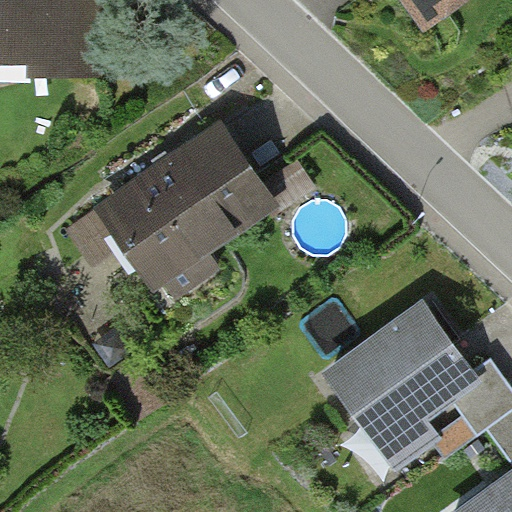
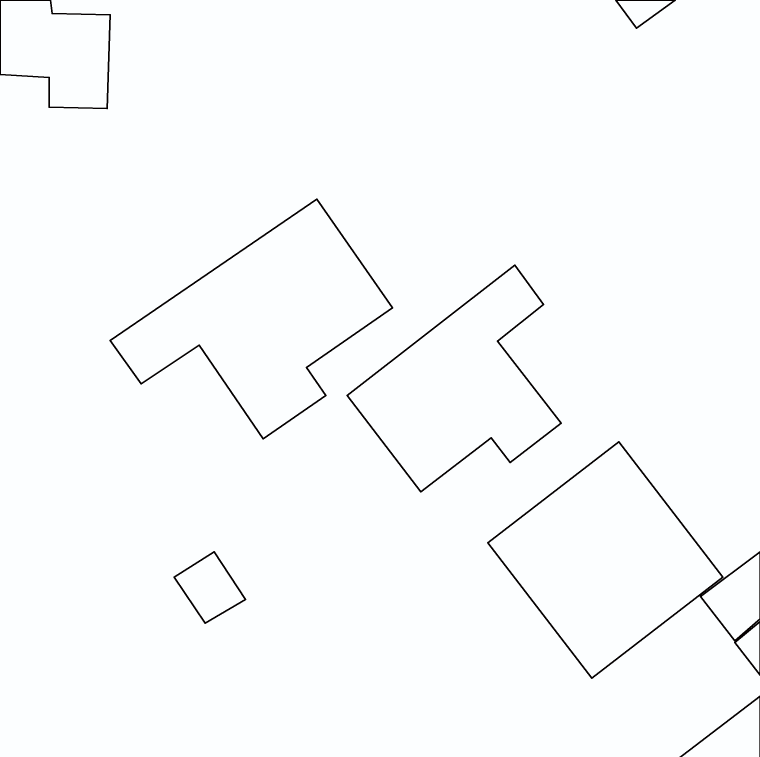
building: none -> [347,265,561,492]

